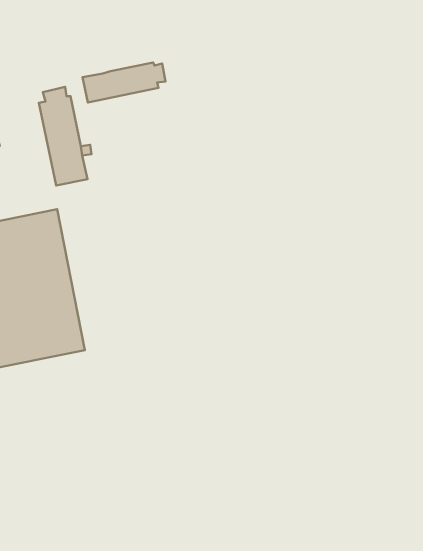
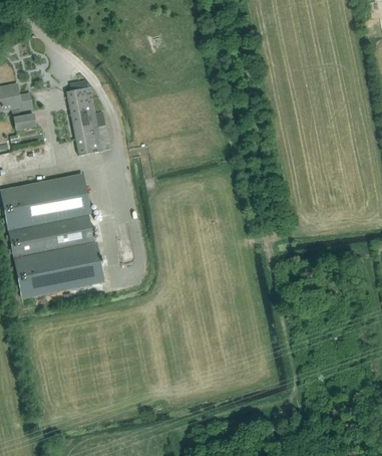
building: [83,63,165,102] -> none

